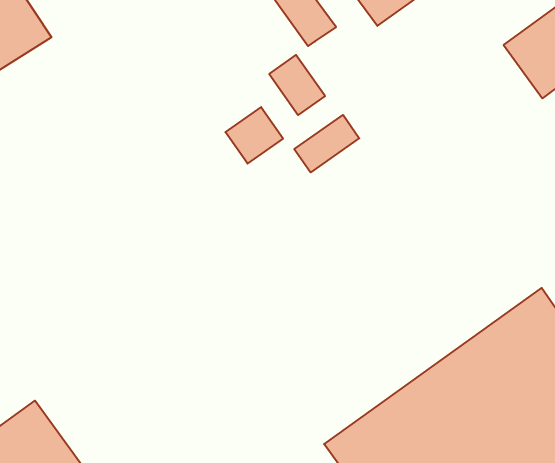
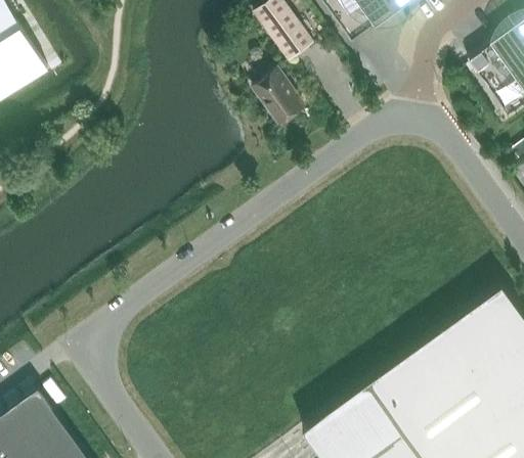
building: [225,107,283,164] -> none
building: [294,115,359,172] -> none

